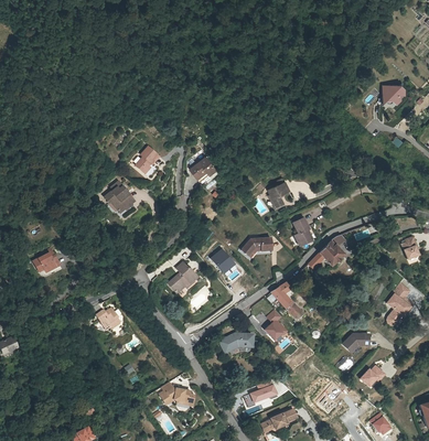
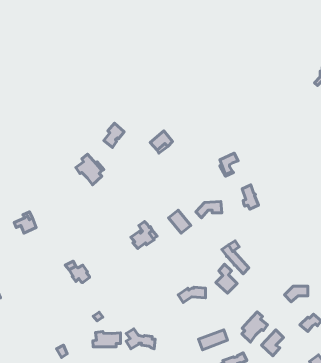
building: [309,236,346,269] -> none
building: none -> [242,312,267,342]
building: none -> [93,332,121,347]

